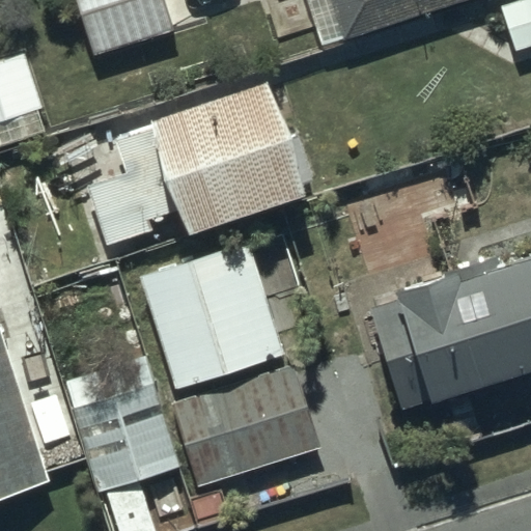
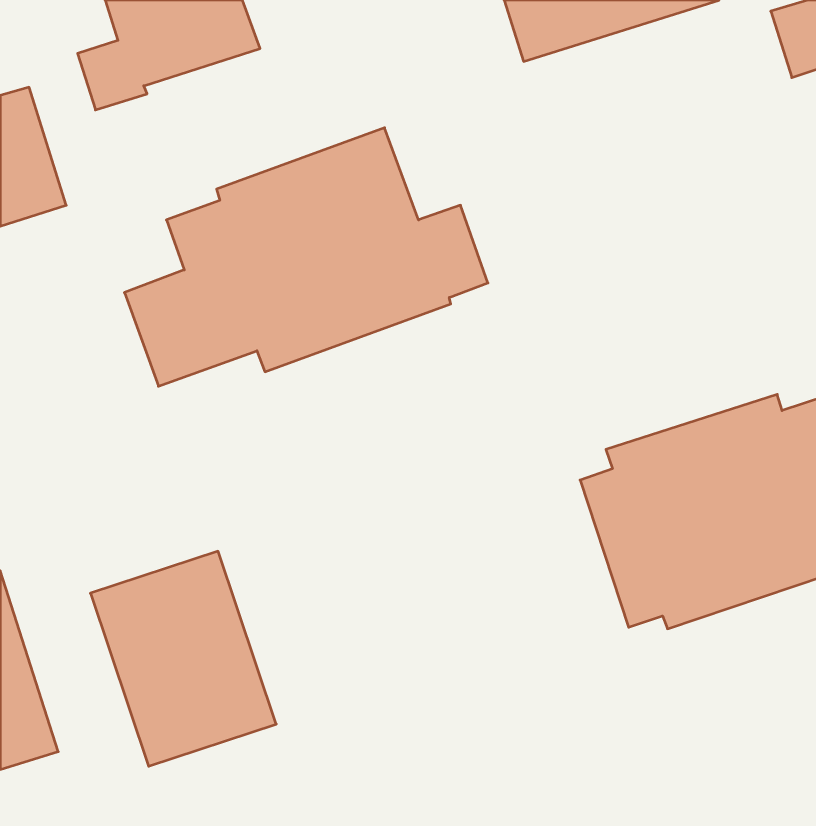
building: [136,244,279,390] -> none
building: [174,364,390,490] -> none

